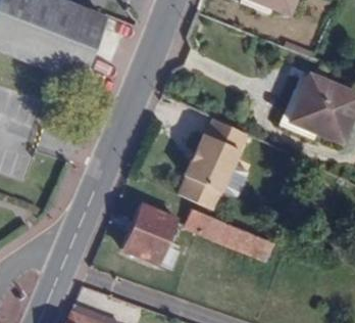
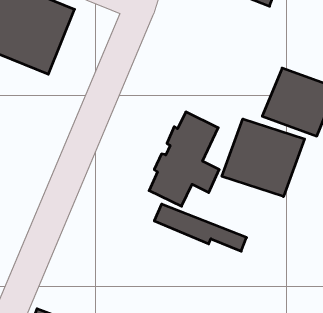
building: none -> [222,119,305,197]
building: [122,203,176,263] -> none

